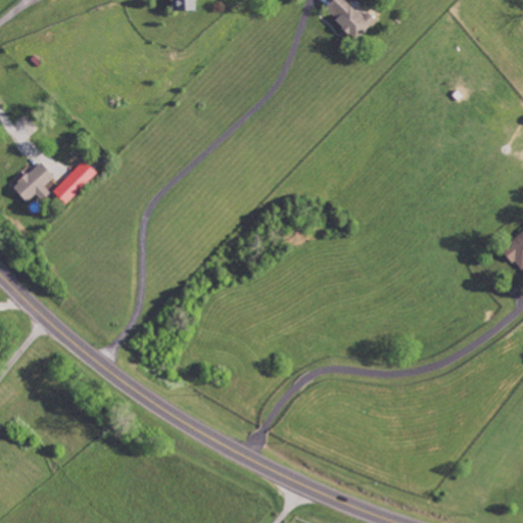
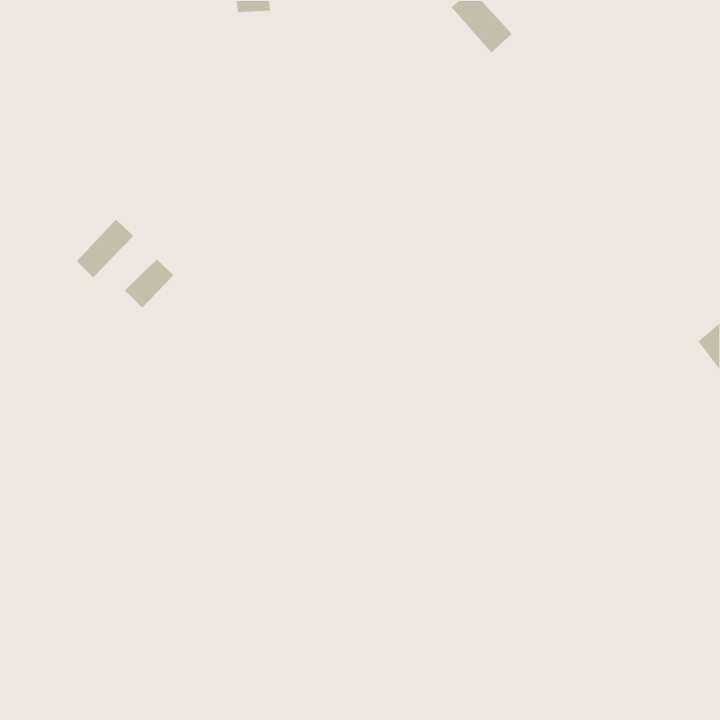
building: [13,160,54,201] -> none
building: none -> [124,259,174,308]

